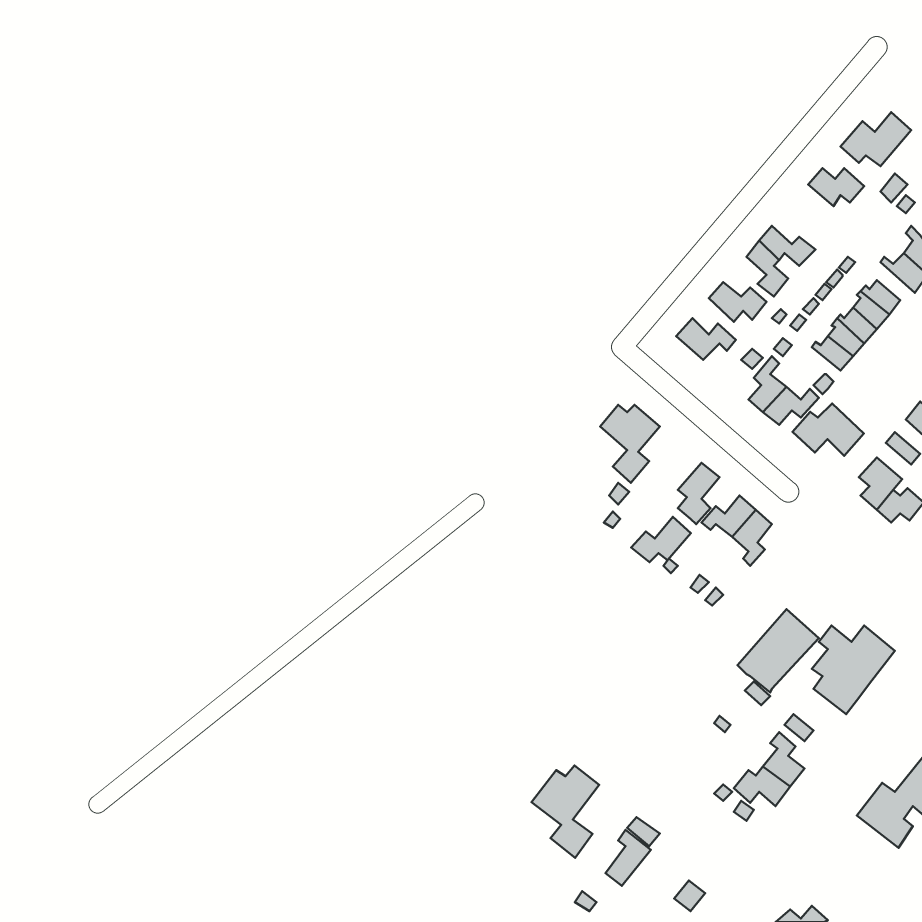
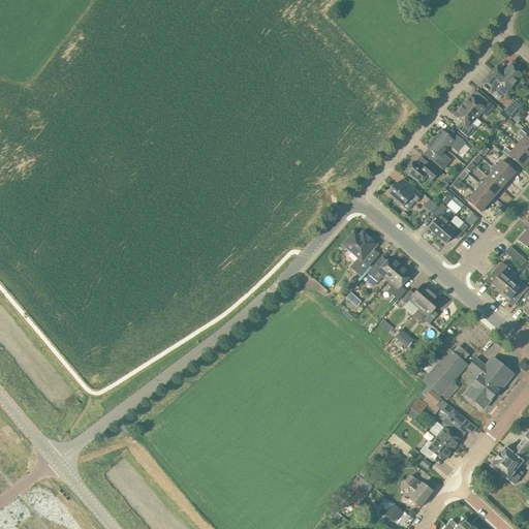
building: none -> [455,105,477,138]
building: [792,404,864,456] -> none
building: [631,517,691,562] -> [368,255,402,281]
building: [531,765,599,858] -> none
building: none -> [405,474,433,507]

